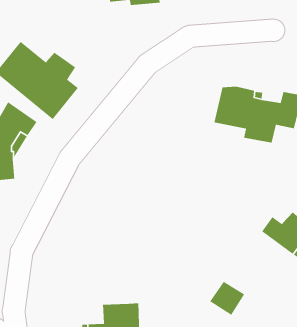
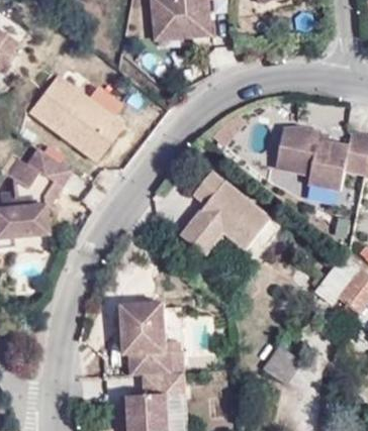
building: none -> [182,171,274,255]
building: none -> [123,301,175,373]

